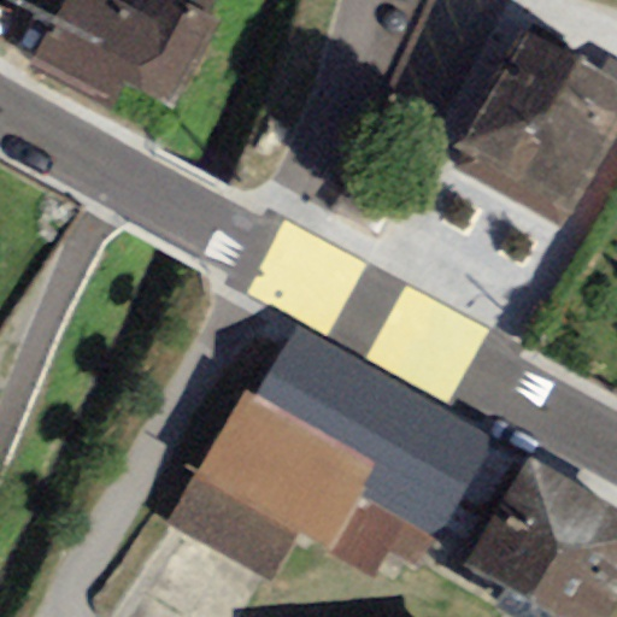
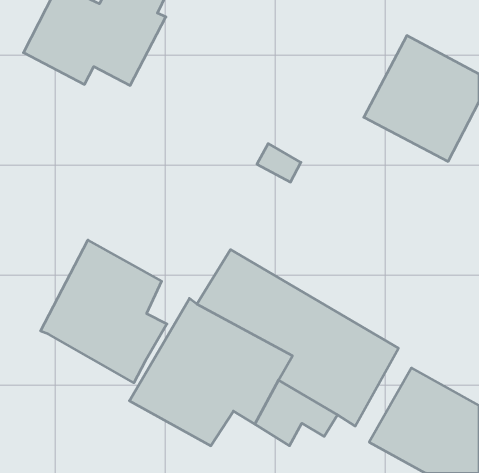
building: none -> [41,240,167,383]

